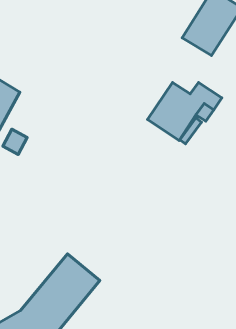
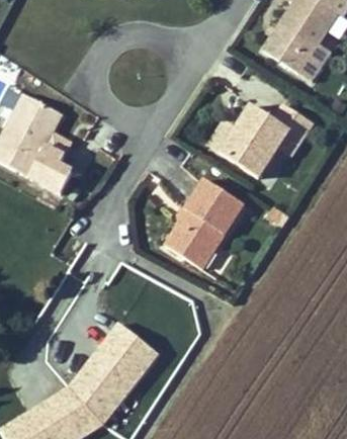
building: none -> [164,181,242,272]

